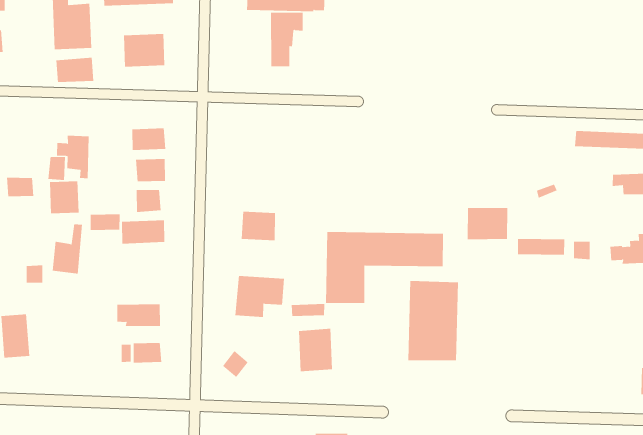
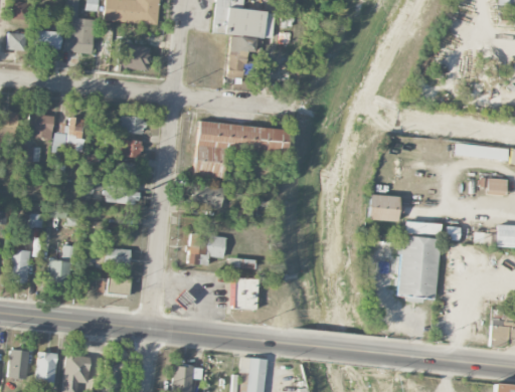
building: [56,57,94,83] -> [34,31,62,49]
building: [49,181,79,214] -> [31,115,54,140]
building: [52,224,83,274] -> [47,246,73,284]
building: [325,232,444,303] -> [195,122,289,178]
building: [408,280,459,361] -> [397,235,441,299]

